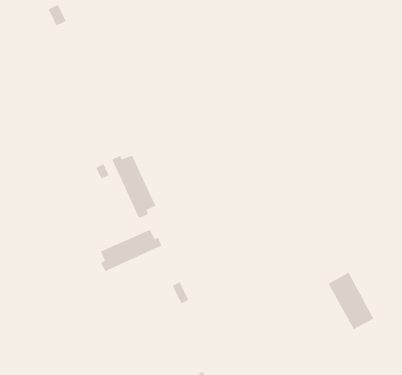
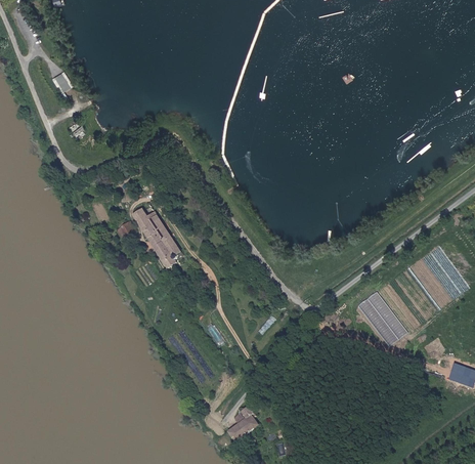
building: [100,229,162,272] -> none

